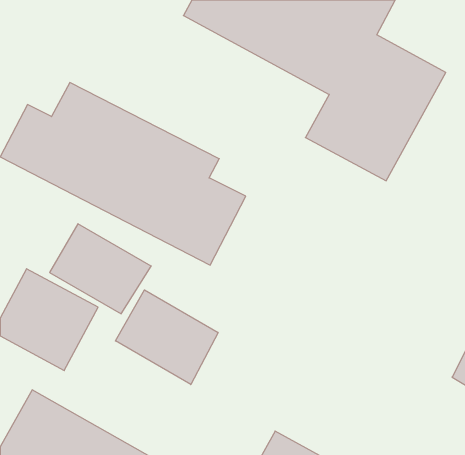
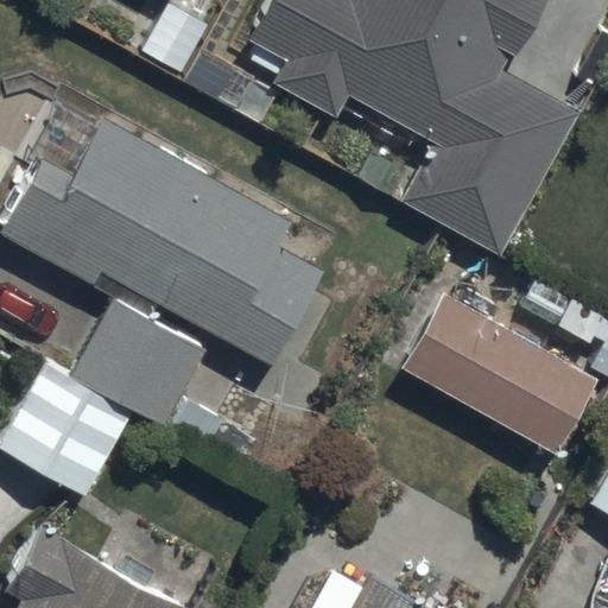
building: none -> [399,294,595,452]
building: [115,290,218,385] -> none

